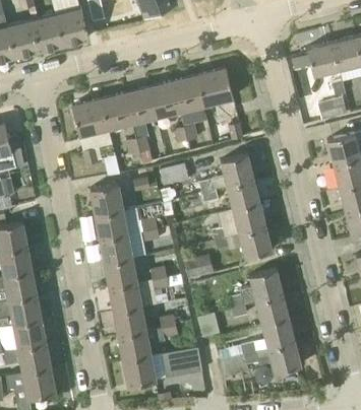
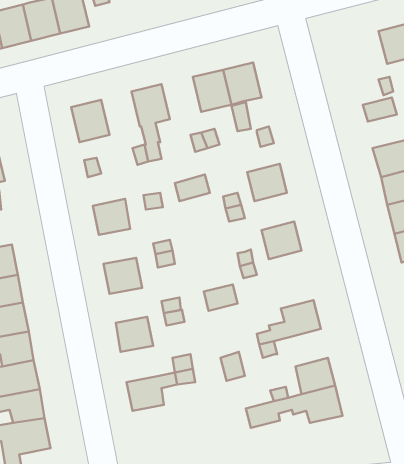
building: [307,43,339,76] -> none
building: [148,81,182,117] -> none
building: [98,93,130,130] -> none
building: [227,179,260,210] -> none
building: [96,209,127,238] -> none
building: [239,227,273,258] -> none
building: [105,259,136,288] -> none
building: [255,293,289,325] -> none
building: [114,308,146,338] -> none
building: [162,347,202,378] -> none
building: [124,357,156,387] -> none

